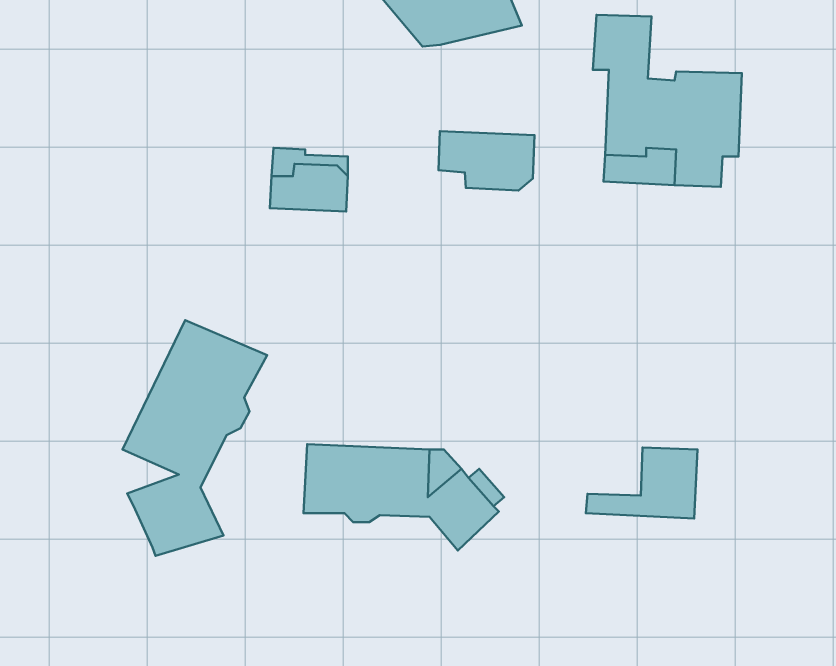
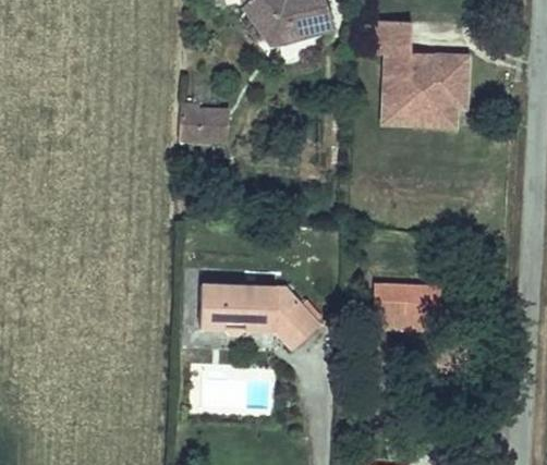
building: [439,131,534,190] -> none
building: [123,320,267,556] -> none
building: none -> [374,284,408,316]

